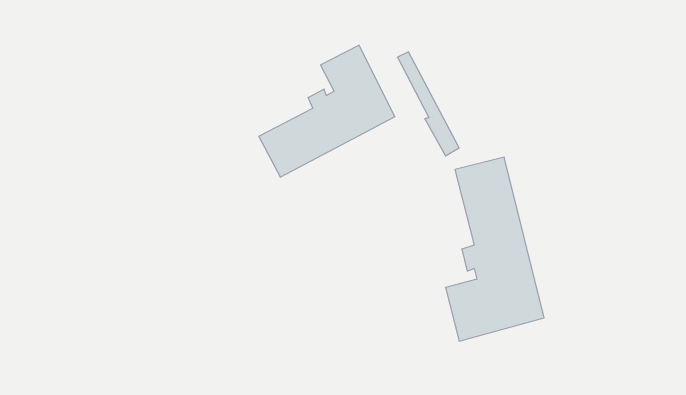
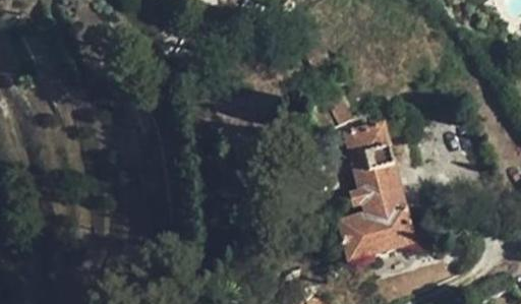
building: [259,45,395,177] -> none

